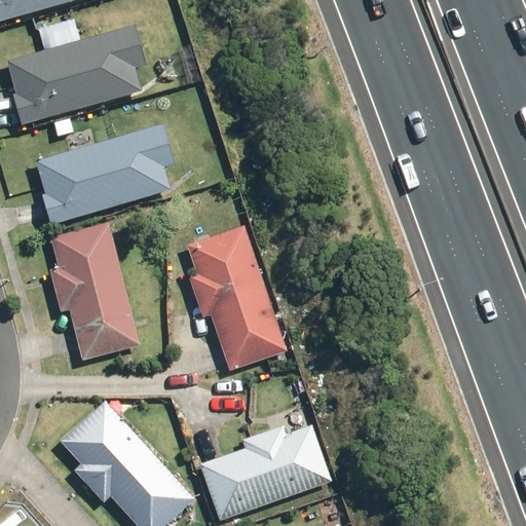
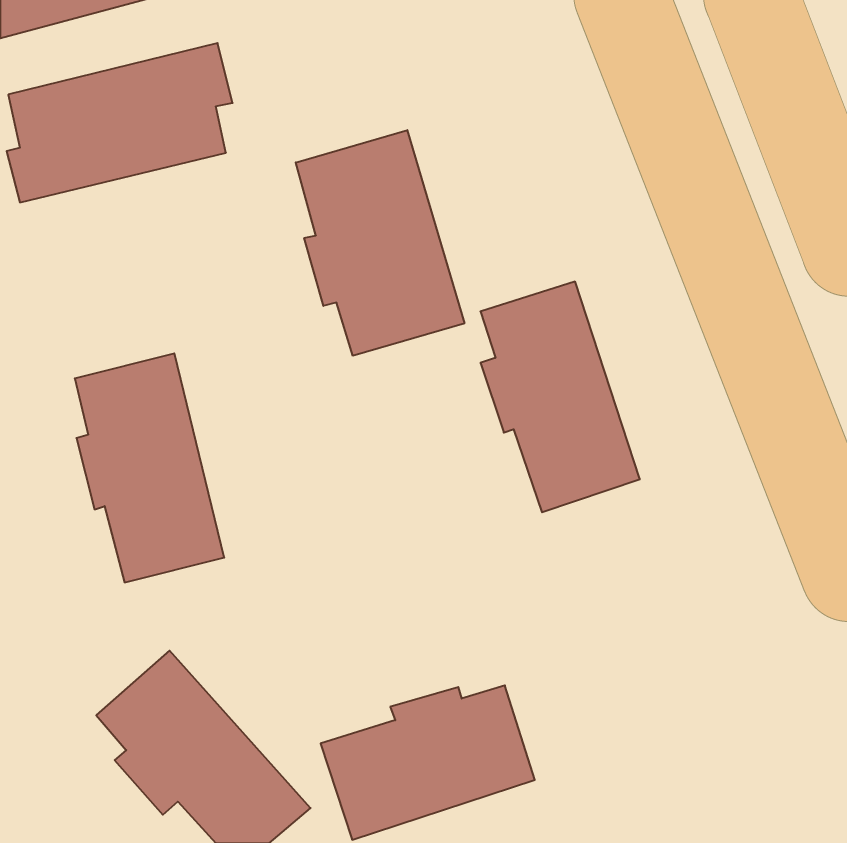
building: none -> [296,130,464,356]
building: [33,117,178,225] -> none
building: [188,226,287,369] -> [480,282,640,512]

